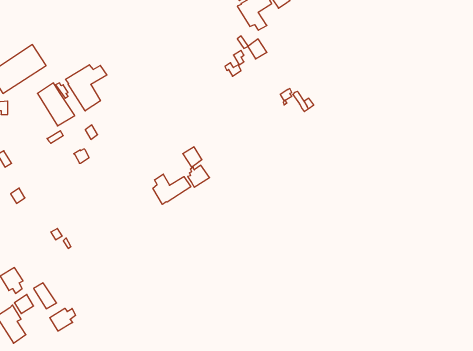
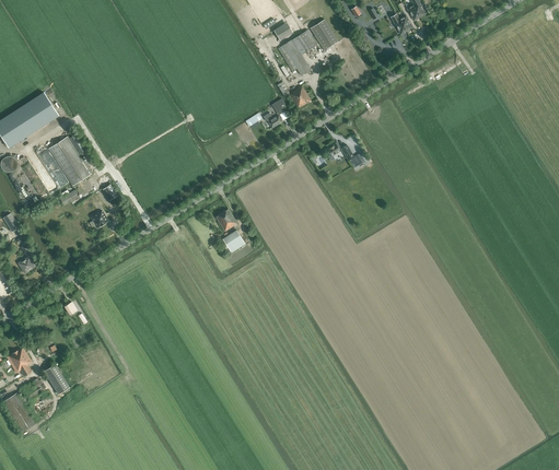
building: [66,65,107,111] -> none
building: [153,174,191,204] -> none
building: [50,308,76,331] -> none

